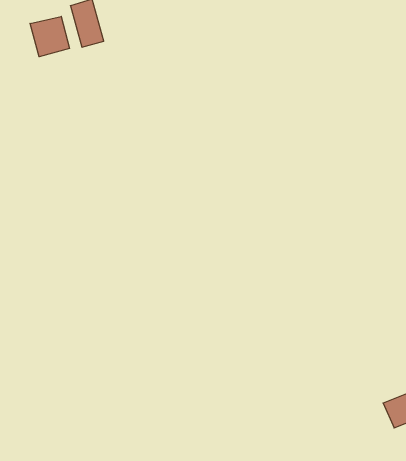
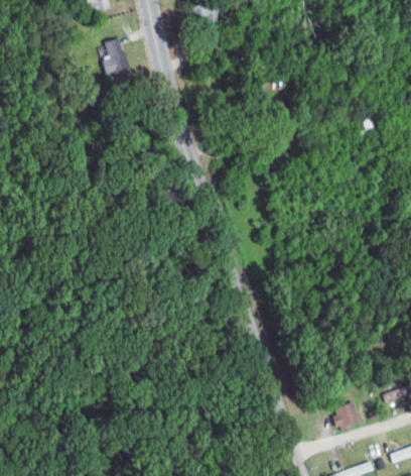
building: [30,16,70,57] -> none

